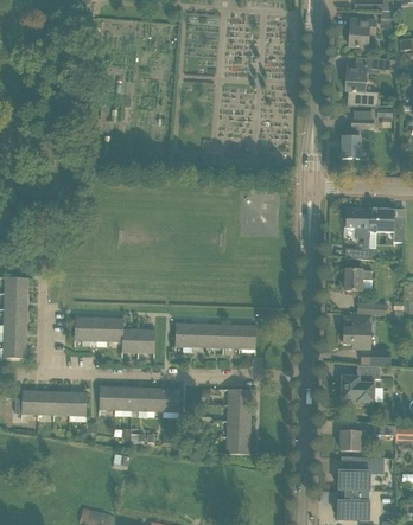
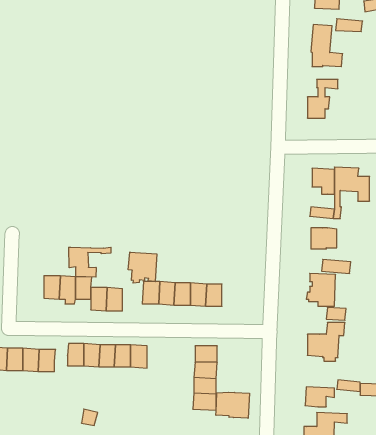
building: none -> [69,247,111,277]
building: none -> [128,252,157,283]
building: none -> [216,392,249,418]

